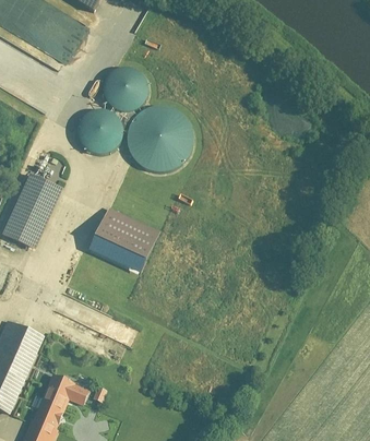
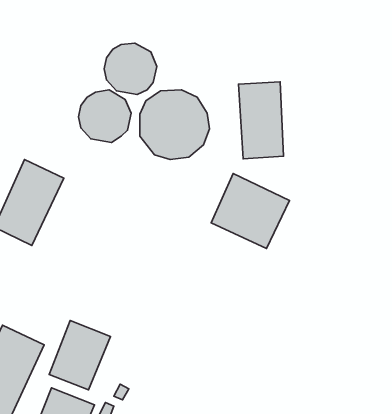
building: none -> [239,82,283,159]
building: [88,205,158,272] -> [211,174,290,248]
building: none -> [49,321,111,390]

